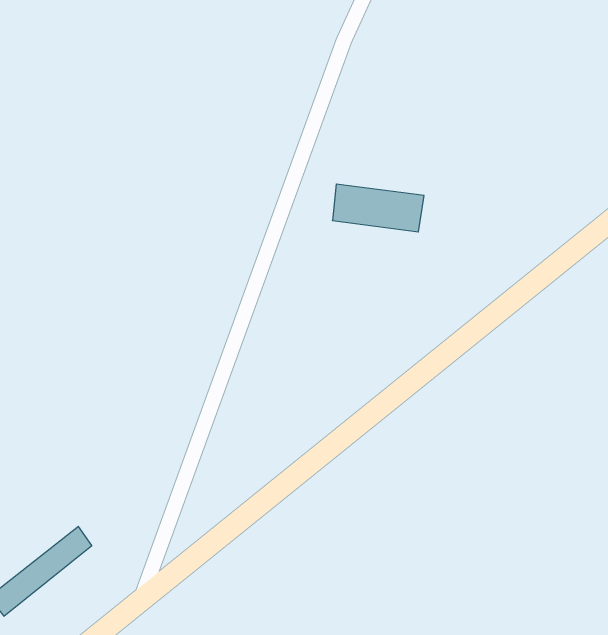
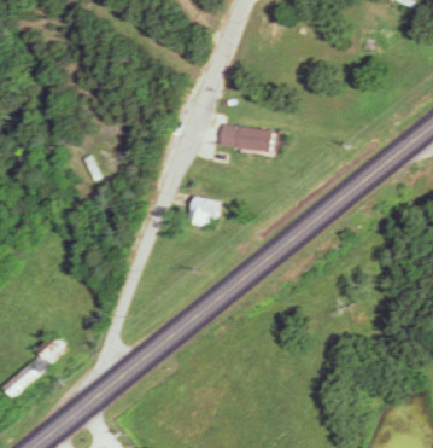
building: none -> [188,196,217,227]

